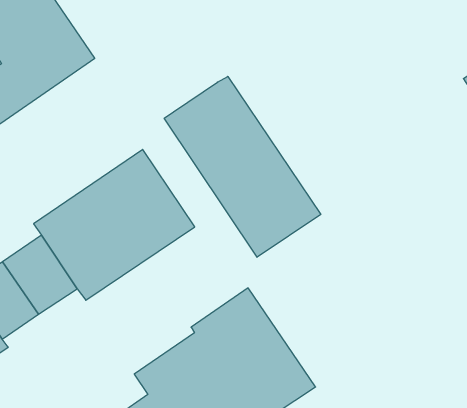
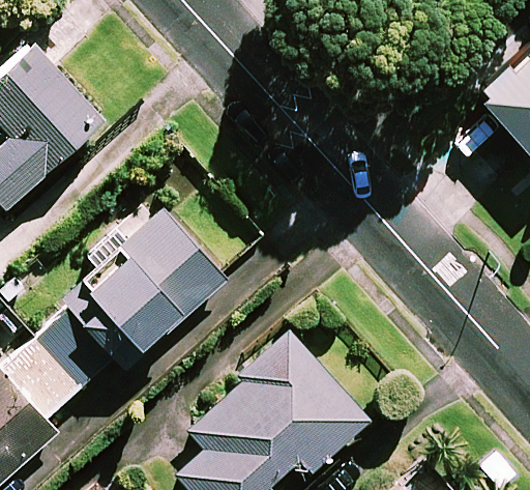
building: [164,76,321,257] -> none

